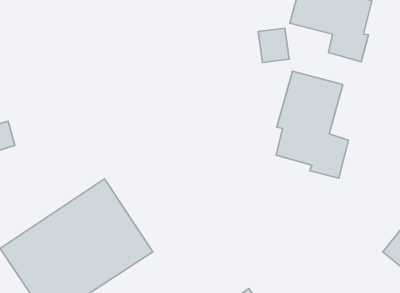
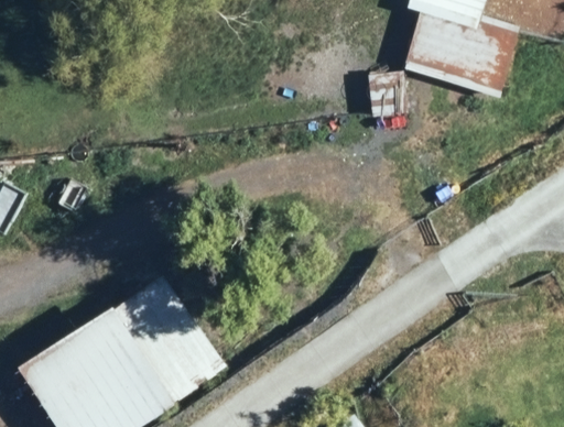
building: [276,71,349,178] -> none

